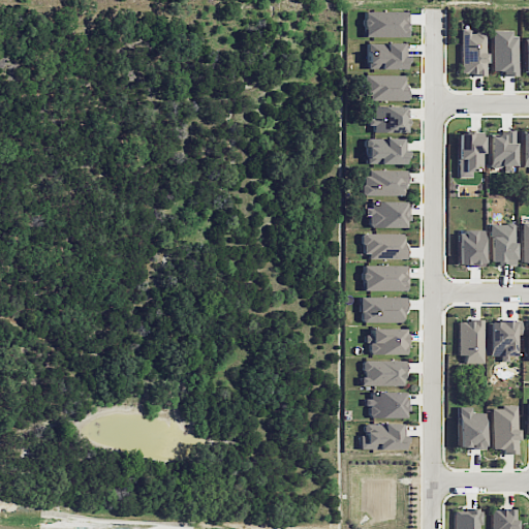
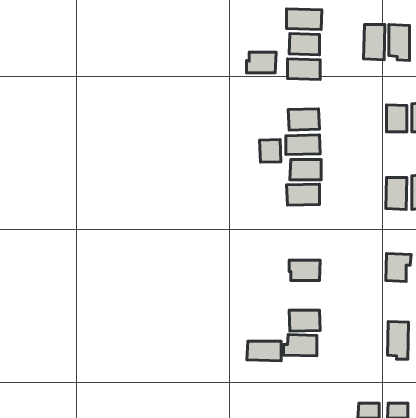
building: [371,106,408,132] -> [247,52,276,73]
building: [459,132,486,178] -> none
building: none -> [259,140,281,162]
building: [459,229,485,264] -> none
building: [364,264,408,290] -> none
building: [362,297,406,322] -> none
building: [459,320,485,363] -> none
building: [363,361,406,385] -> [247,341,281,361]
building: [459,406,485,448] -> none

